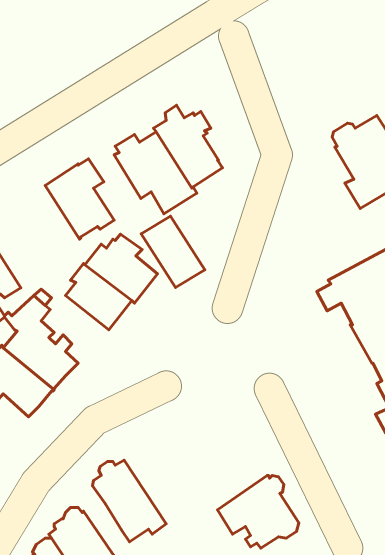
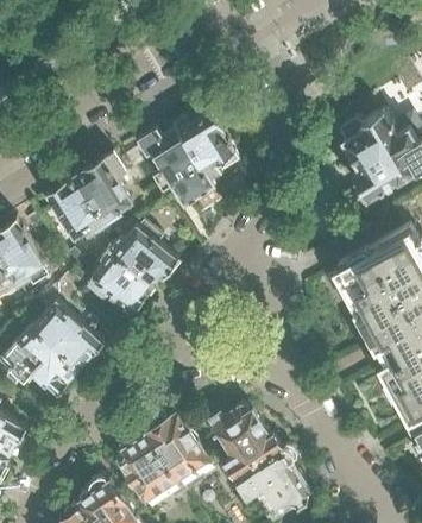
building: [141,216,205,288] -> [45,178,105,245]
building: none -> [208,408,279,480]
building: none -> [145,414,213,493]

